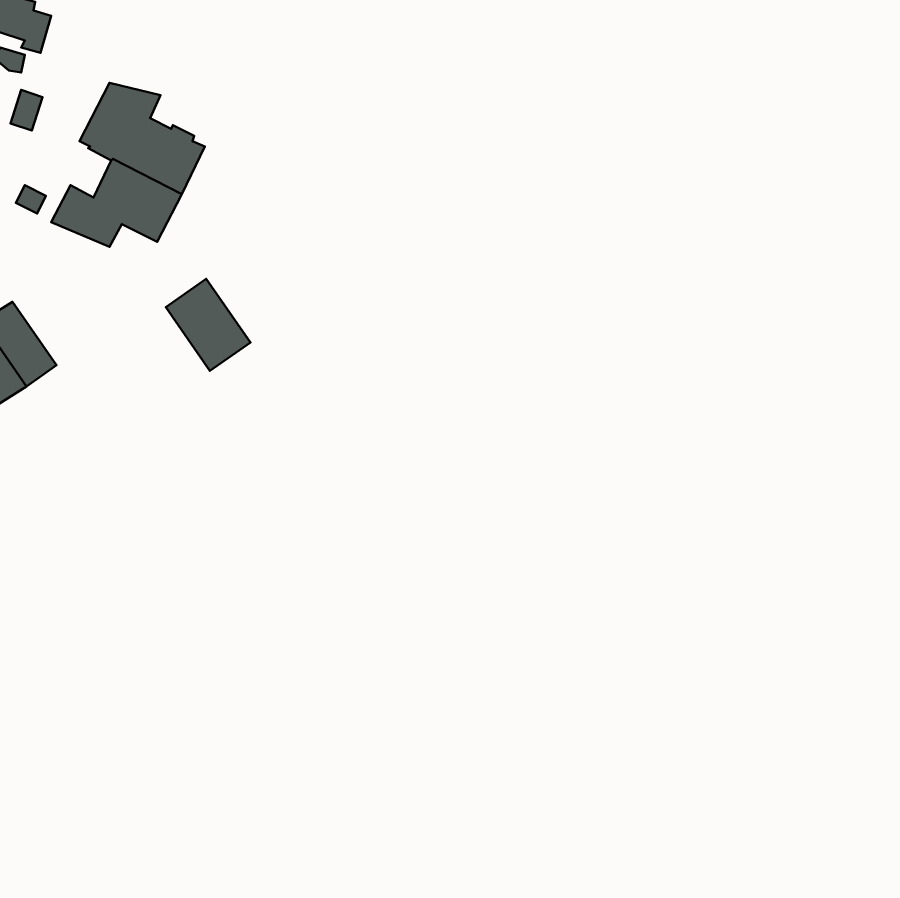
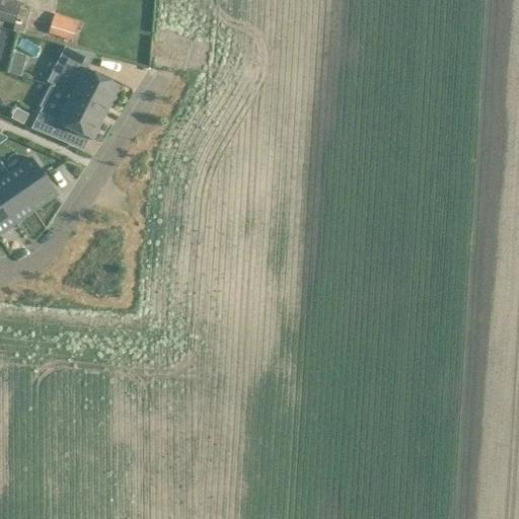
building: none -> [47,12,77,41]
building: [166,279,250,371] -> [7,157,56,210]

